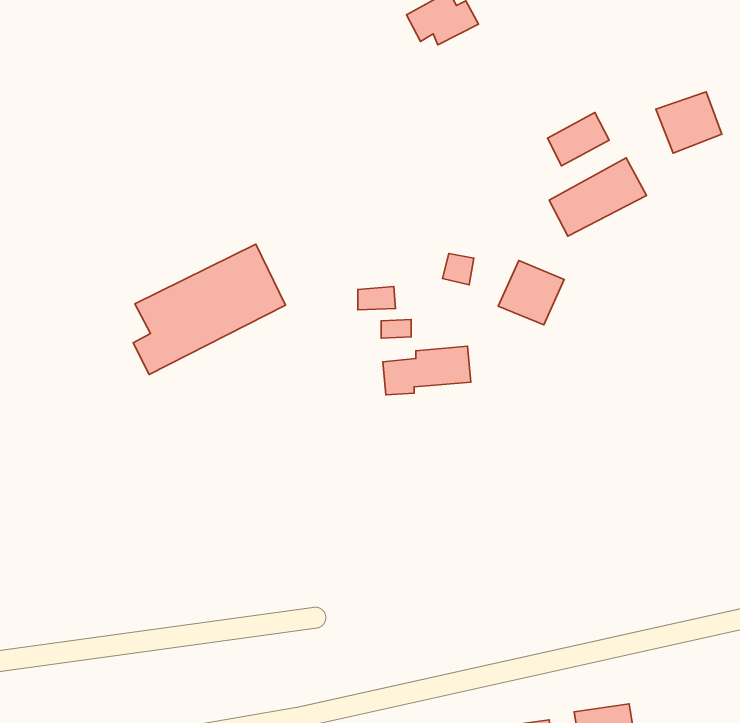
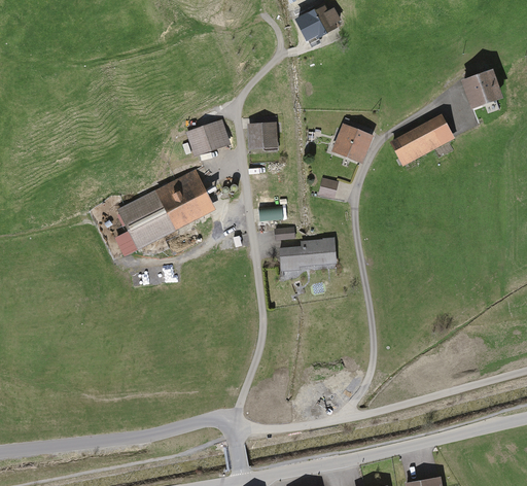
building: [547,113,609,166] -> none
building: none -> [184,119,230,158]
building: none -> [246,124,276,151]
building: [498,261,564,325] -> [328,124,372,166]

